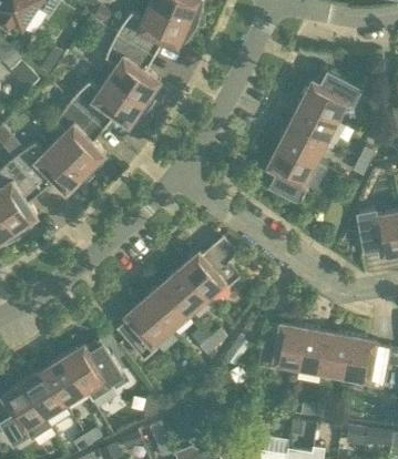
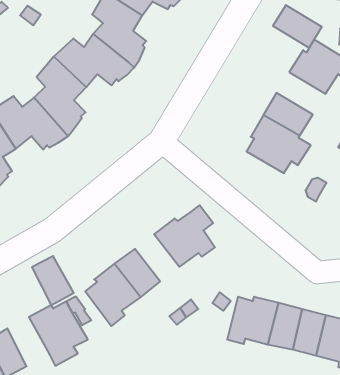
building: [289,103,337,143] -> [273,5,322,48]
building: [162,269,206,315] -> none
building: [43,358,85,406] -> [32,256,74,305]

